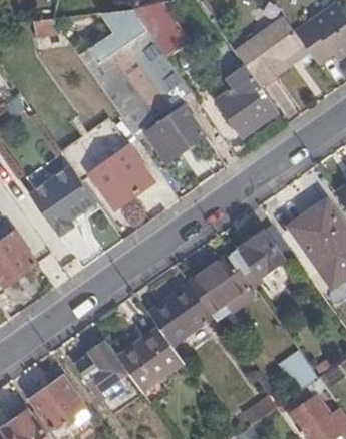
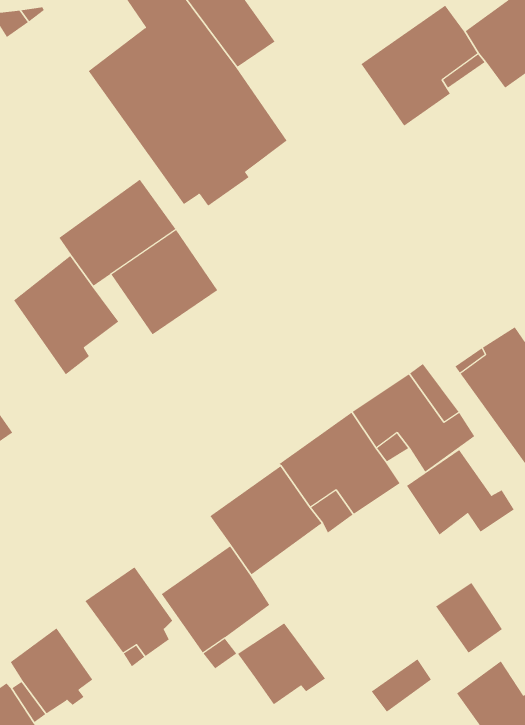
building: [216,65,277,137] -> none
building: [146,112,202,163] -> none
building: none -> [406,449,514,535]
building: none -> [237,623,326,705]

